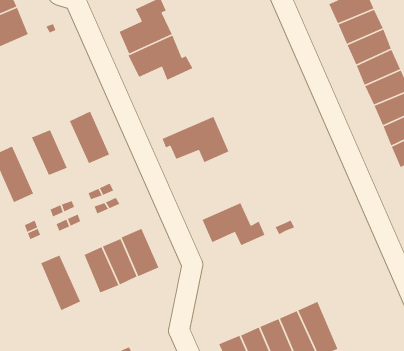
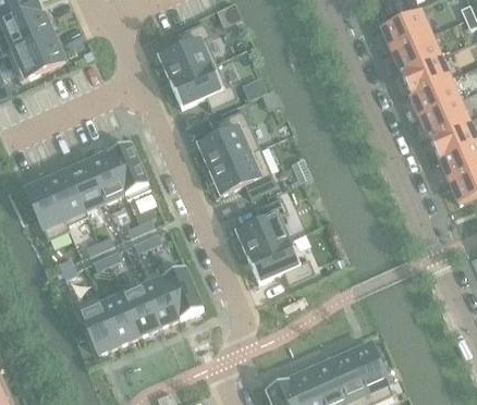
building: none -> [197,107,260,170]
building: none -> [87,151,127,201]
building: none -> [47,169,87,229]
building: none -> [236,195,289,256]
building: none -> [97,292,139,343]

